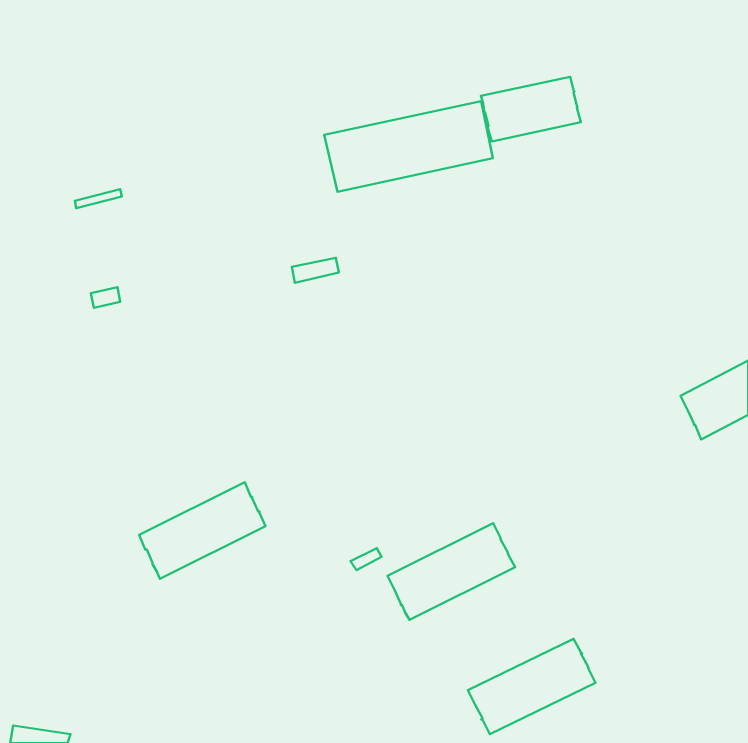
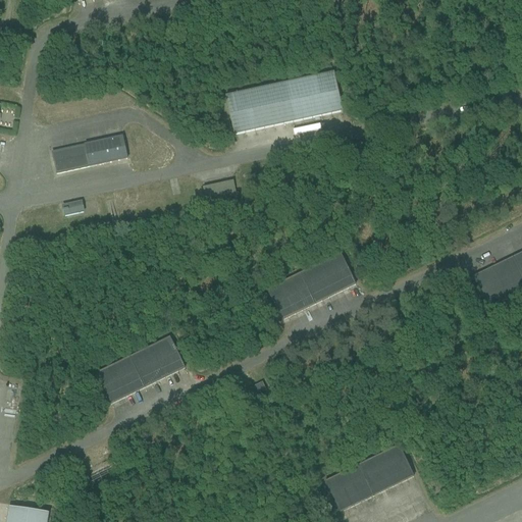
building: [481,77,581,141] -> none
building: none -> [52,136,127,172]
building: [388,523,515,620] -> [267,252,356,319]

